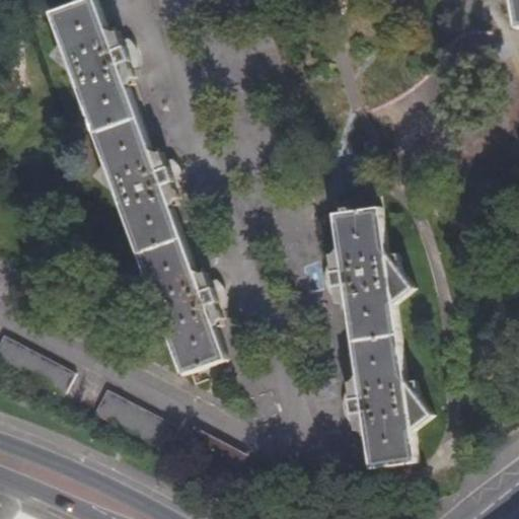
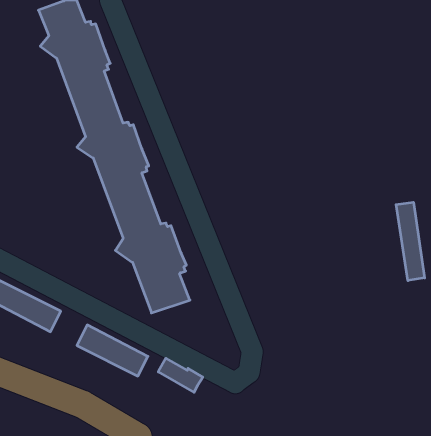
building: [325,206,433,469] -> none
building: none -> [396,202,425,281]

